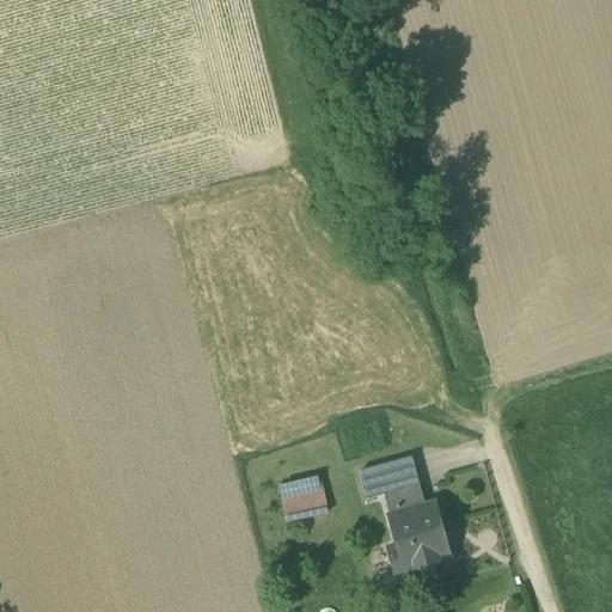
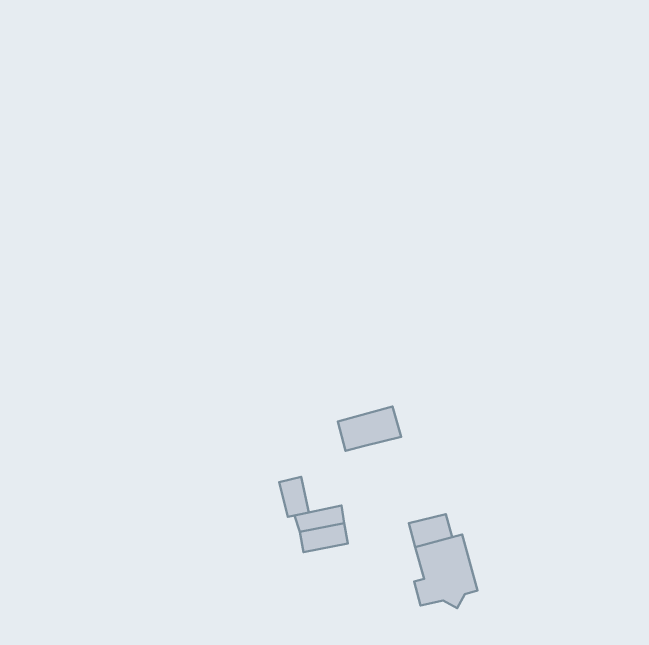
building: none -> [279,477,309,517]
building: [360,455,420,497] -> [338,406,401,451]

